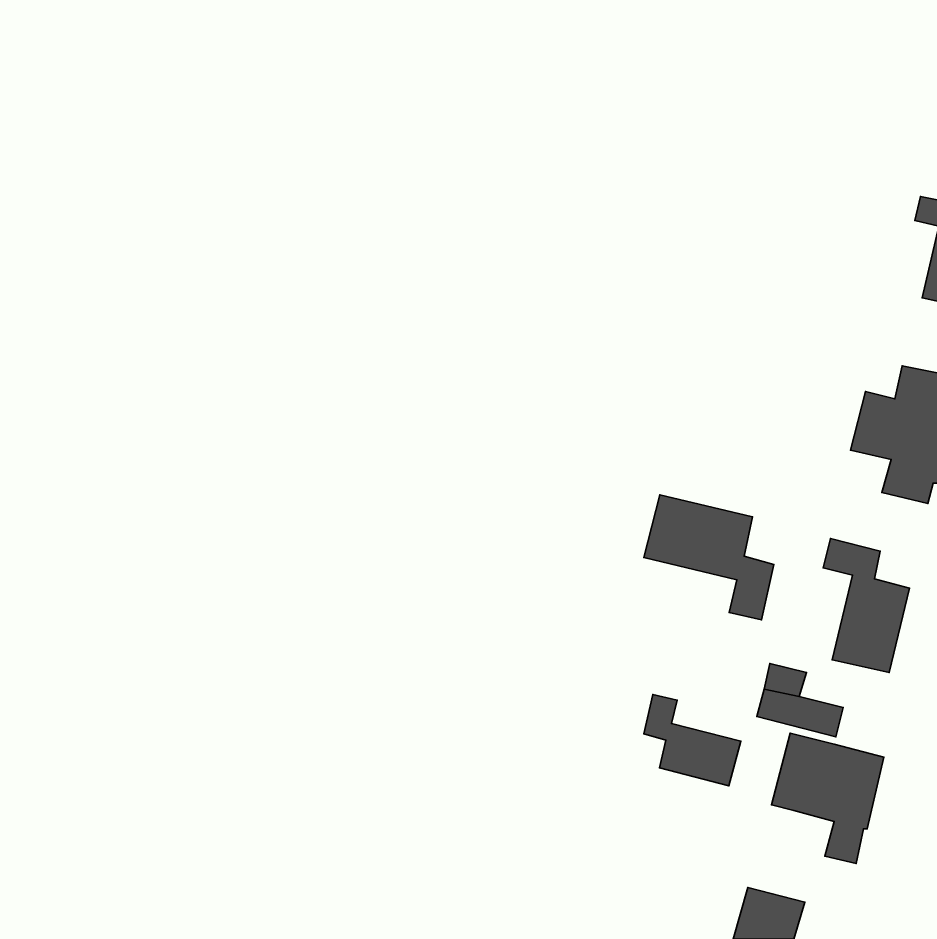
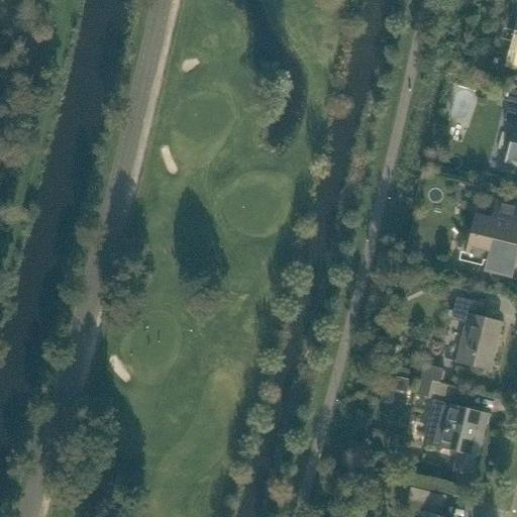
building: [644,495,774,620] -> none
building: [644,694,741,786] -> none

